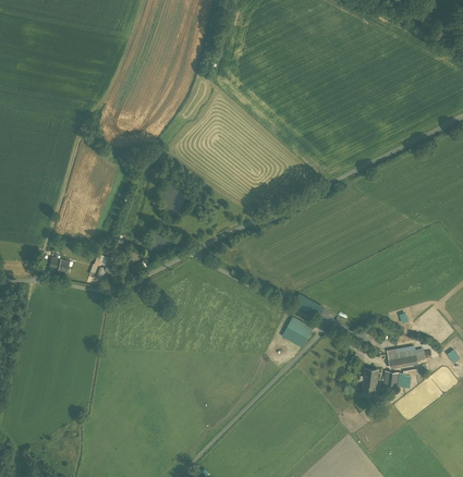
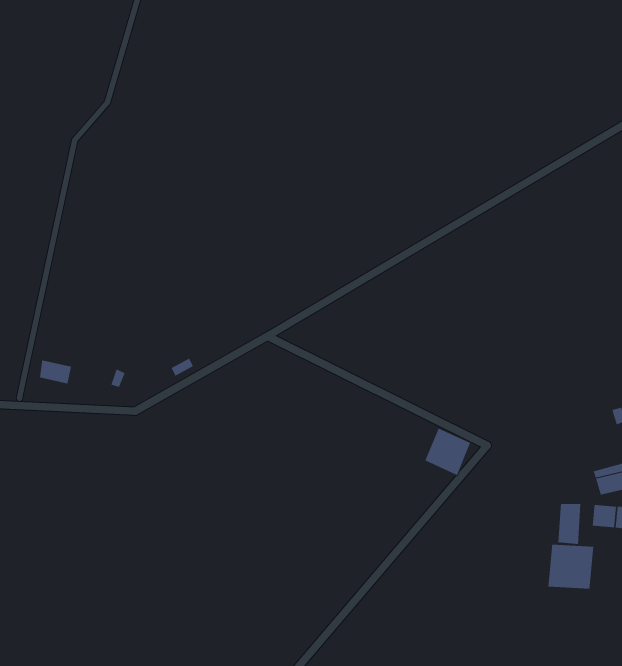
building: none -> [548,544,594,590]

